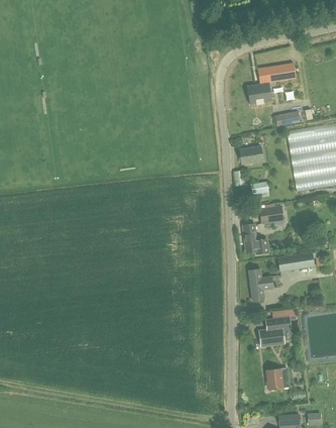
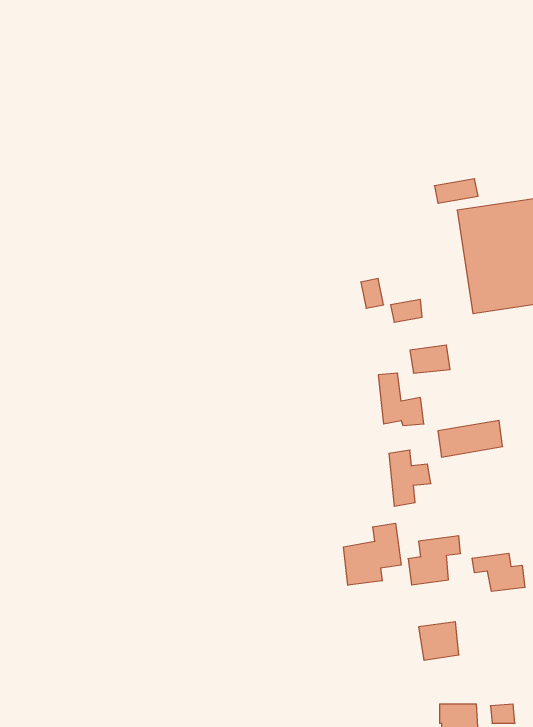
building: [247,63,297,104] -> none
building: [240,145,264,165] -> none
building: none -> [344,523,401,585]
building: none -> [472,553,525,591]

